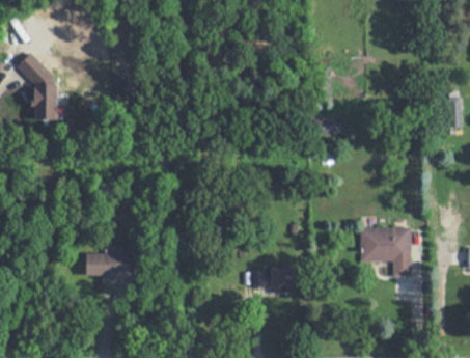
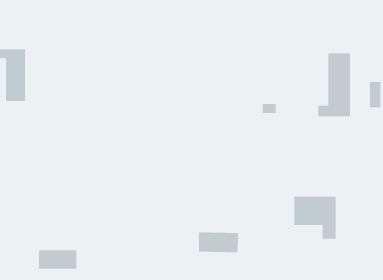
building: none -> [318,53,351,117]
building: [86,253,131,275] -> [38,250,77,269]

